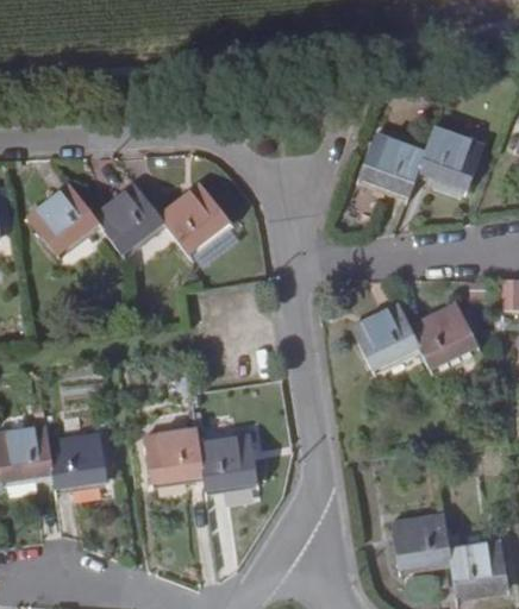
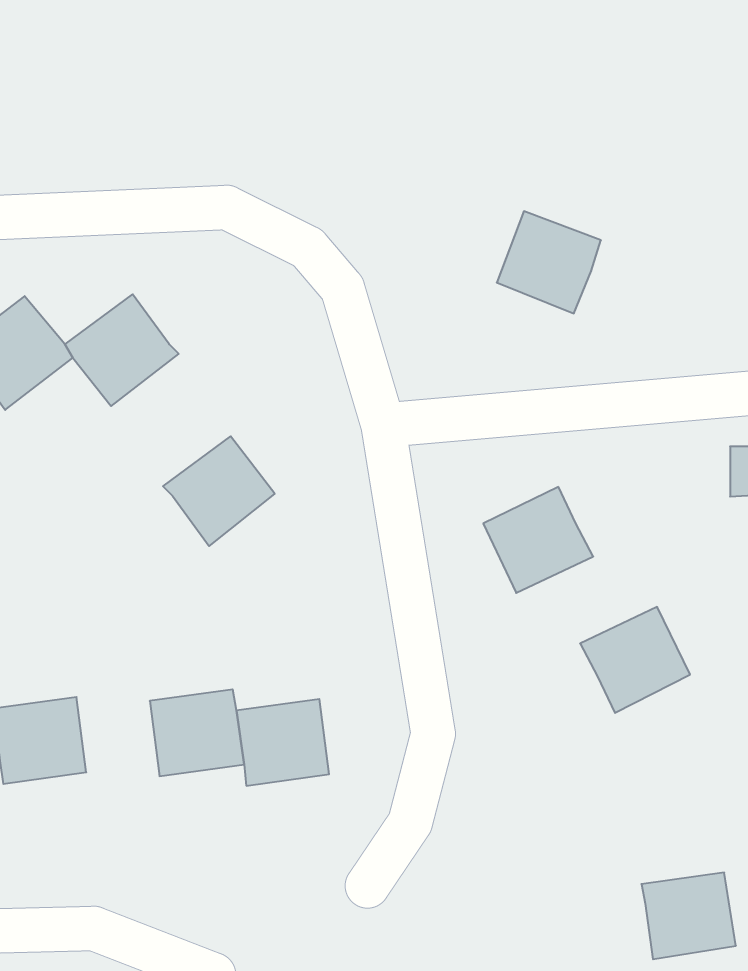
building: [418,127,483,189] -> none
building: [157,186,226,253] -> [163,436,275,546]
building: [408,304,476,370] -> [580,607,690,713]
building: [392,515,451,569] -> none

